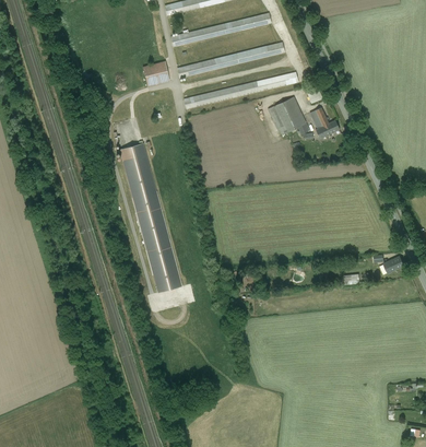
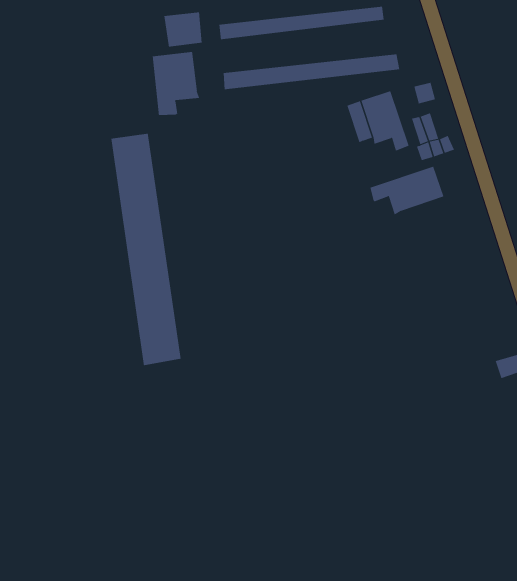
building: none -> [152,51,200,116]
building: none -> [370,166,444,215]

